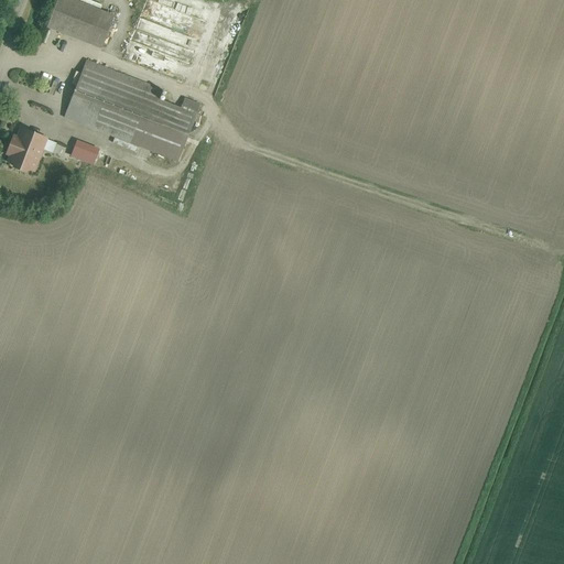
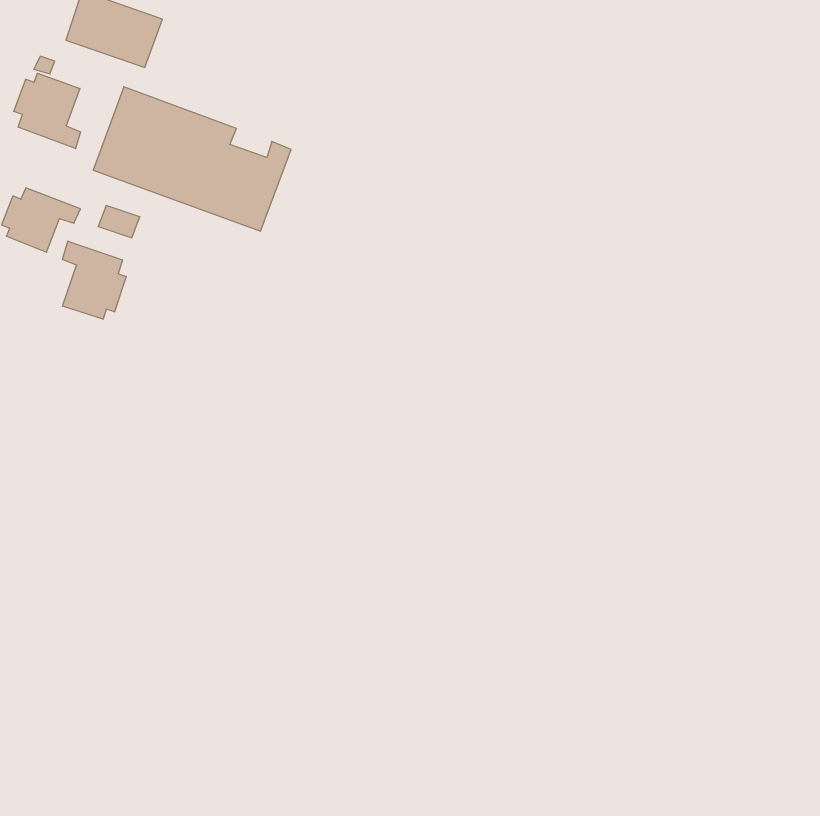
building: none -> [14,73,81,149]
building: none -> [63,241,126,319]

